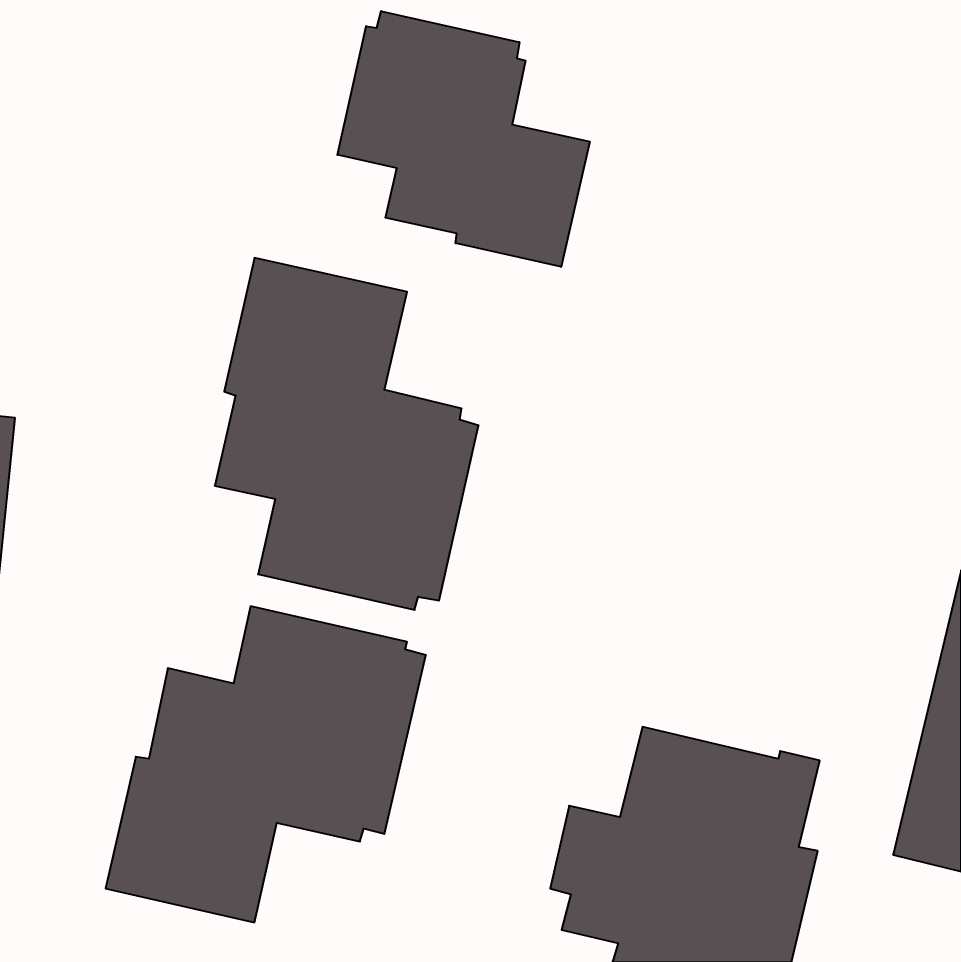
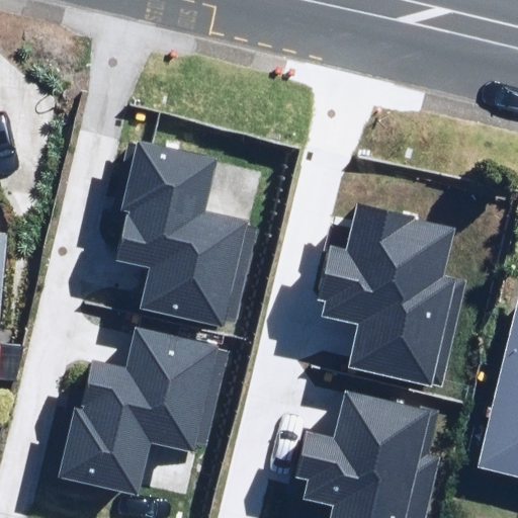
building: [337,11,590,267] -> none
building: none -> [316,202,464,387]

